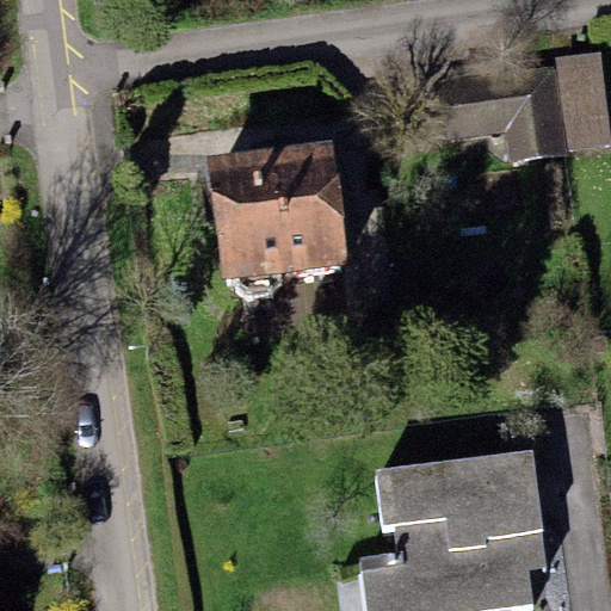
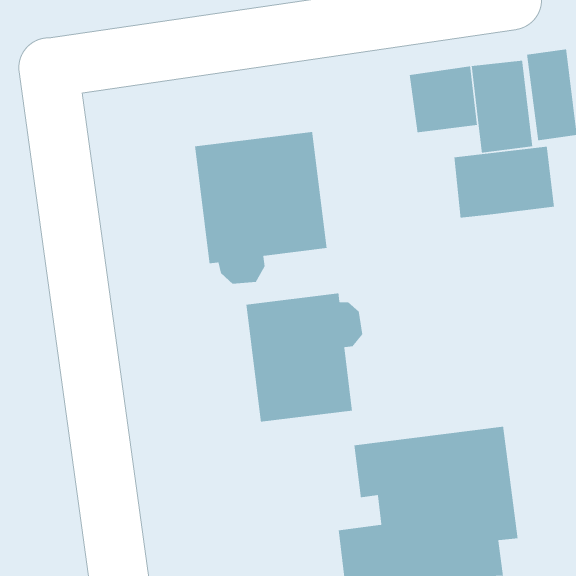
building: none -> [453,146,555,218]
building: none -> [246,293,363,422]

